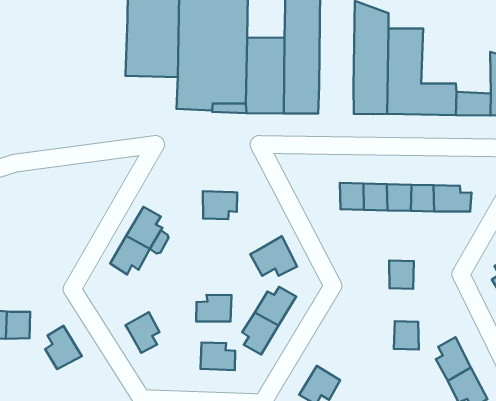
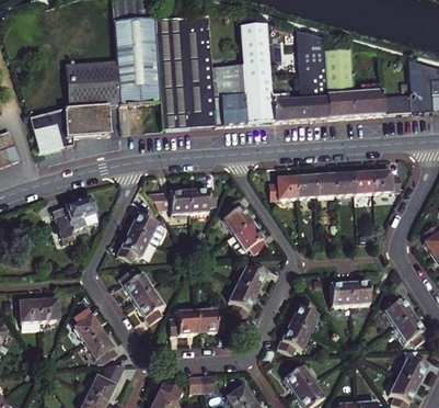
building: none -> [27,59,118,154]
building: none -> [273,98,302,122]
building: none -> [269,175,298,199]
building: none -> [53,196,97,240]
building: none -> [146,191,189,214]
building: none -> [223,200,253,235]
building: [389,261,414,289] -> [328,282,349,305]
building: none -> [118,272,152,303]
building: [196,295,231,321] -> [169,311,197,335]
building: none -> [289,298,317,332]
building: none -> [83,330,117,361]

